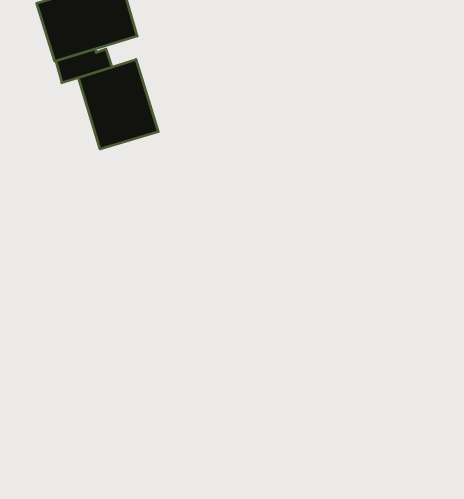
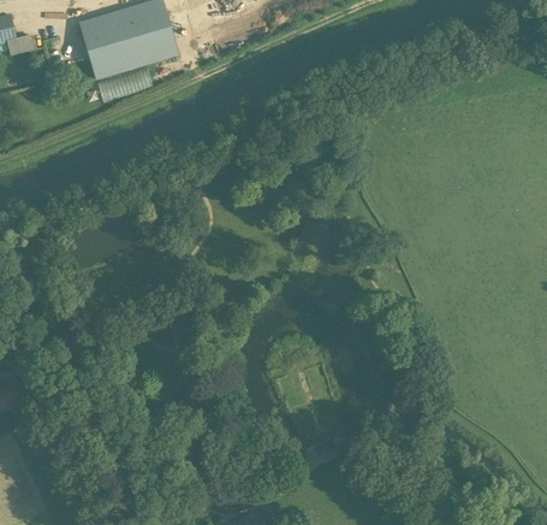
building: [78,59,158,149] -> none

